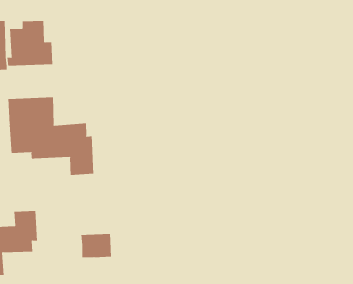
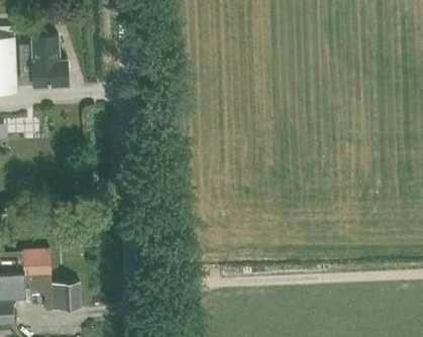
building: [8,97,94,176] -> none
building: [80,234,112,258] -> [44,284,80,311]

